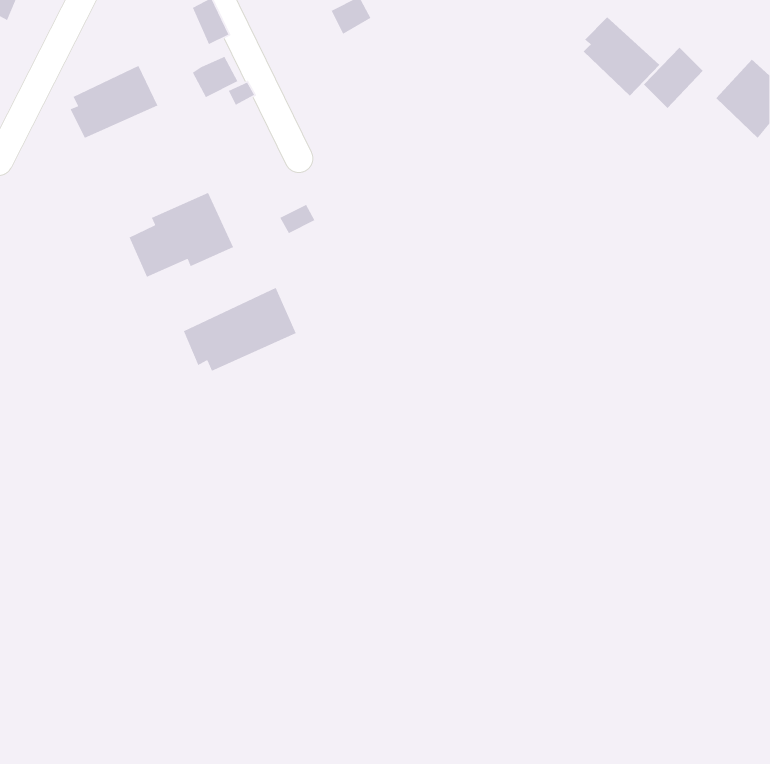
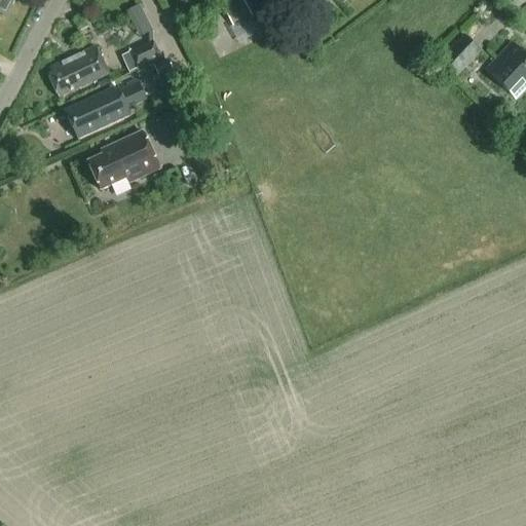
building: [583,17,660,97] -> none
building: none -> [64,78,148,138]
building: [183,287,297,372] -> none

